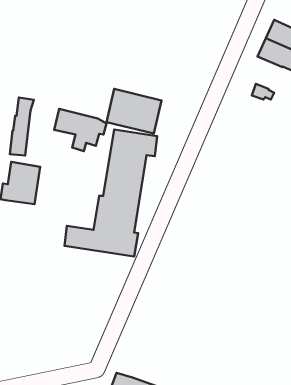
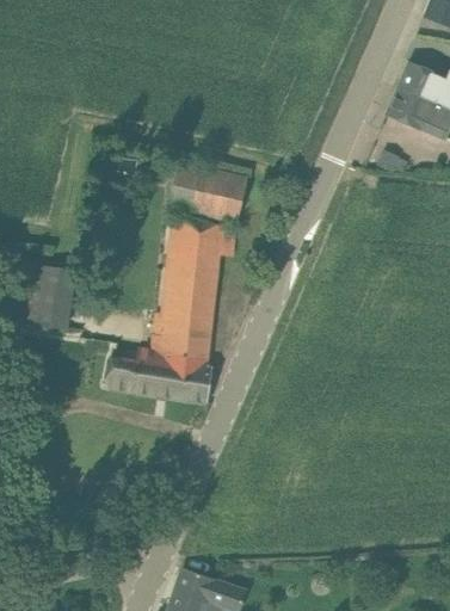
building: [10,98,34,156] -> none
building: [54,109,106,151] -> none

